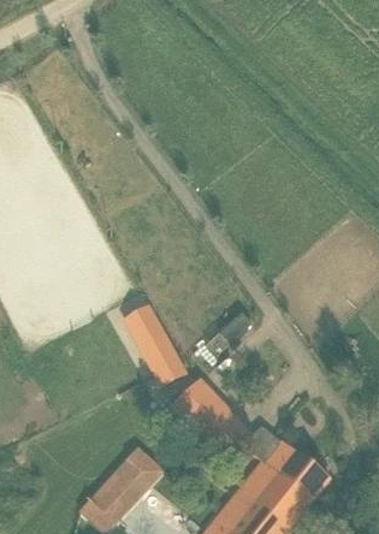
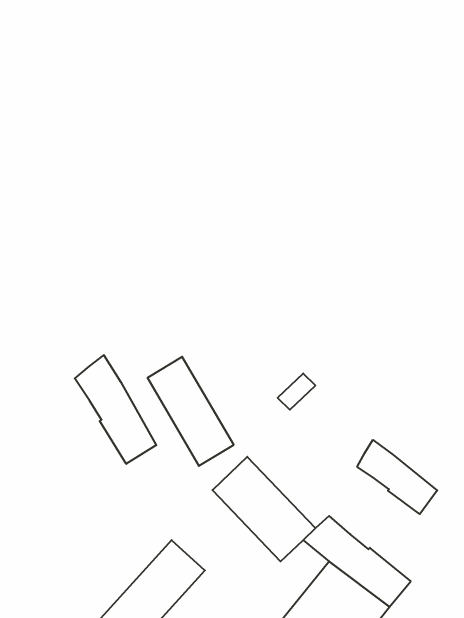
building: none -> [75,355,156,464]
building: none -> [357,440,437,514]

